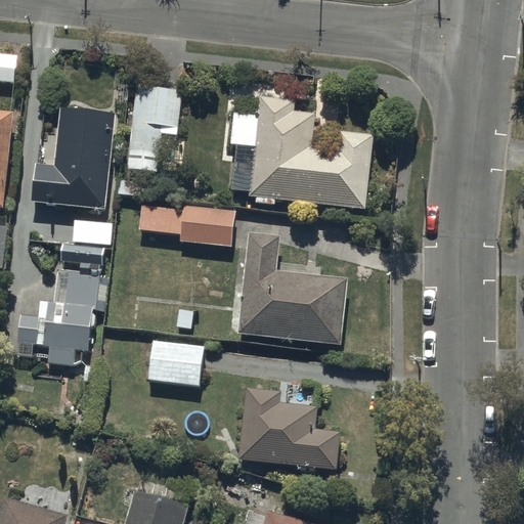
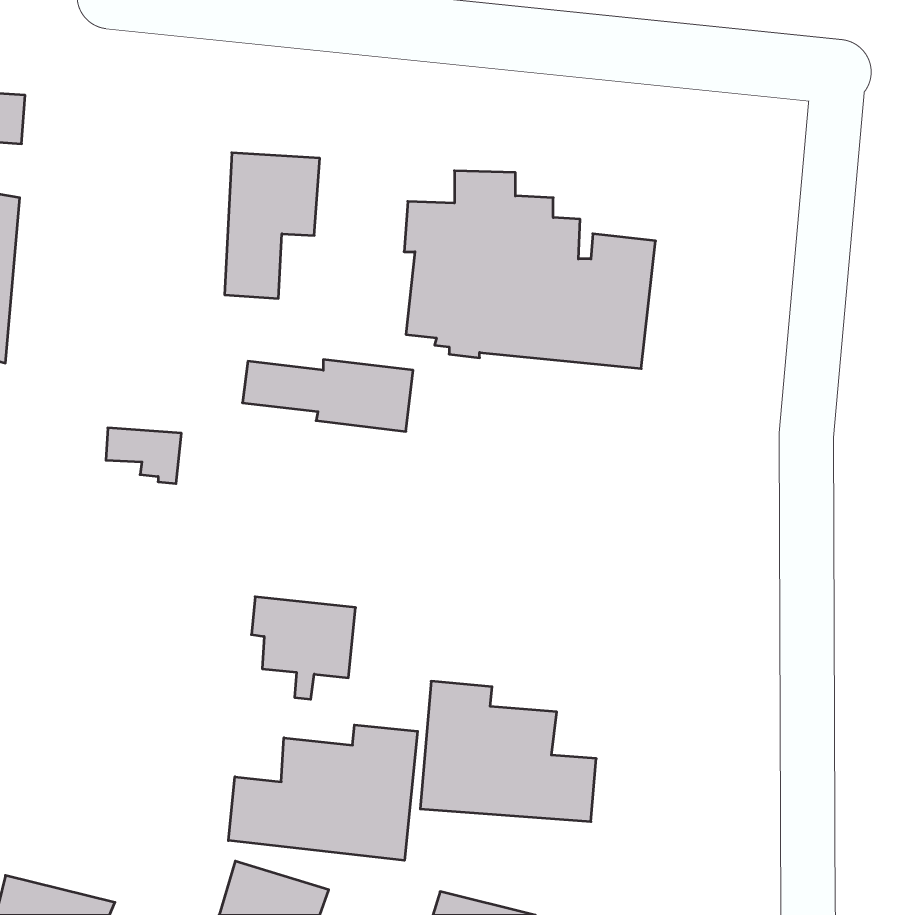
building: [32,108,115,209] -> none
building: [237,232,347,346] -> none
building: [16,271,99,365] -> none
building: none -> [228,725,418,860]

